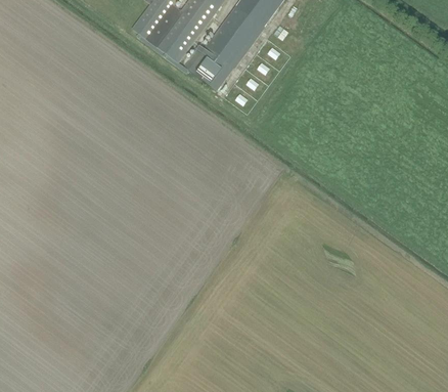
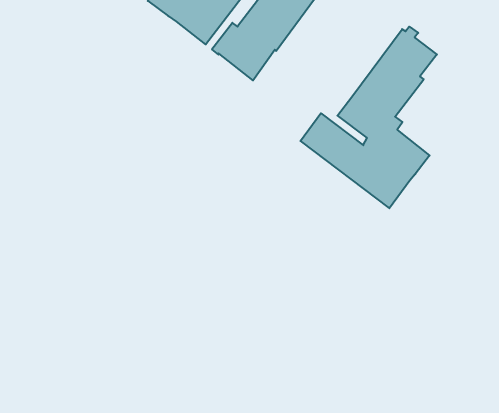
building: none -> [300,27,437,208]

